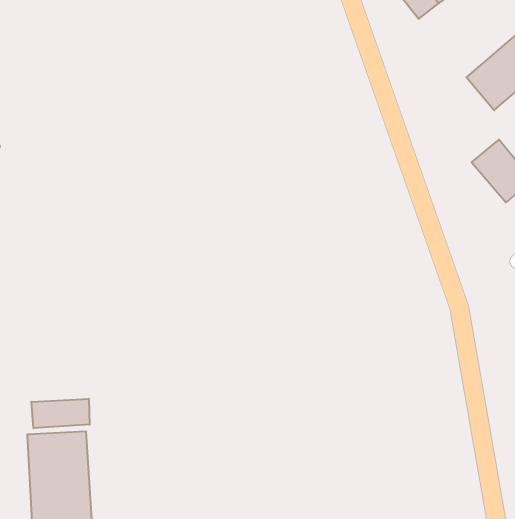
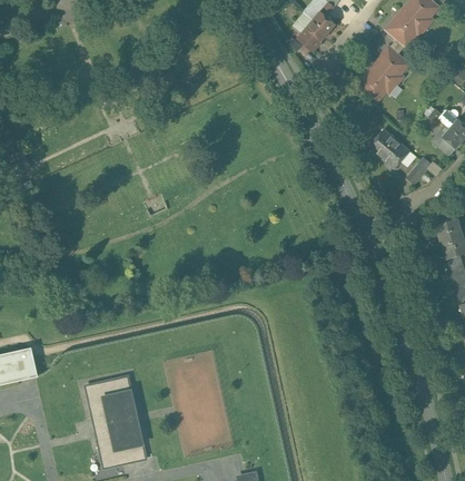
building: [31,399,90,428] -> none

